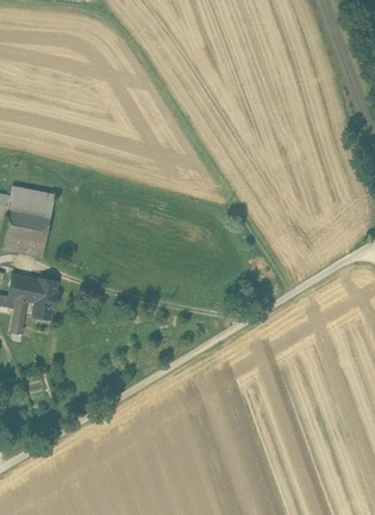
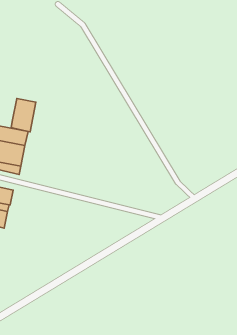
building: none -> [11,98,36,132]
building: [30,279,57,318] -> none

